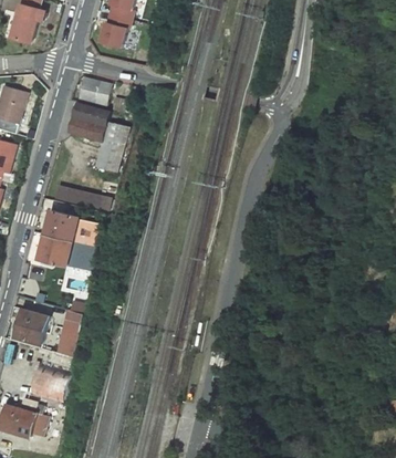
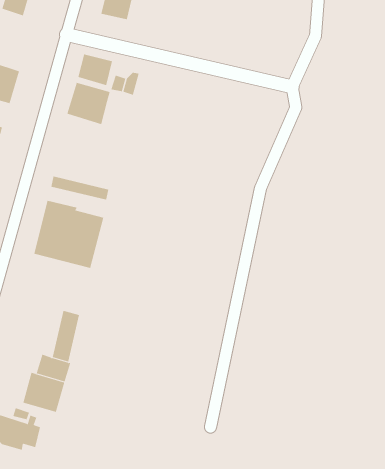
building: [95,121,127,171] -> none
building: [14,309,49,345] -> none

